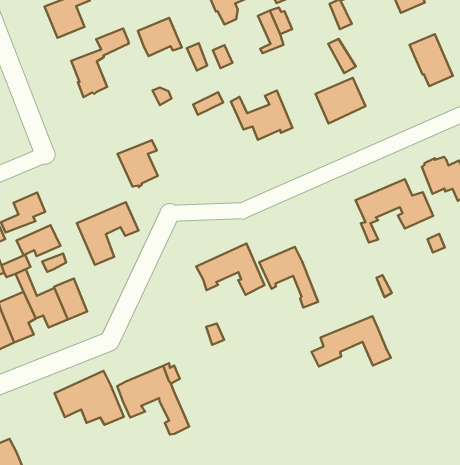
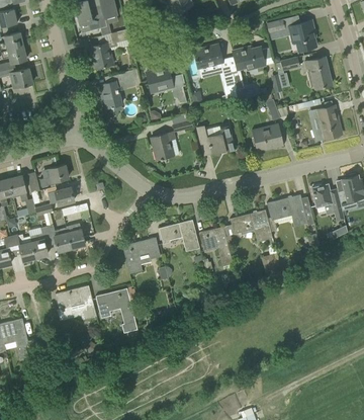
building: [118,140,158,187] -> [150,132,175,160]
building: [77,202,139,265] -> [121,237,160,273]
building: [312,316,391,366] -> [222,209,272,241]

